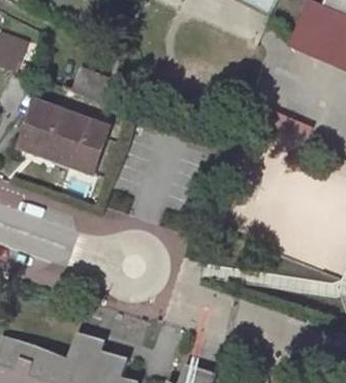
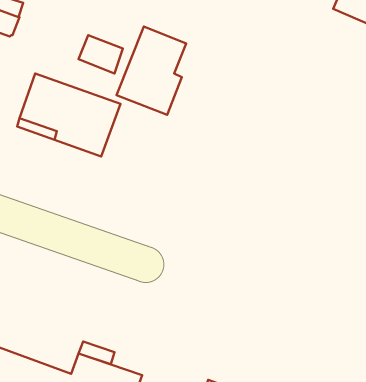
building: none -> [117,27,186,115]

